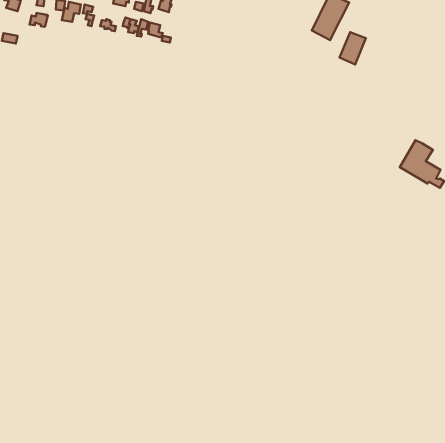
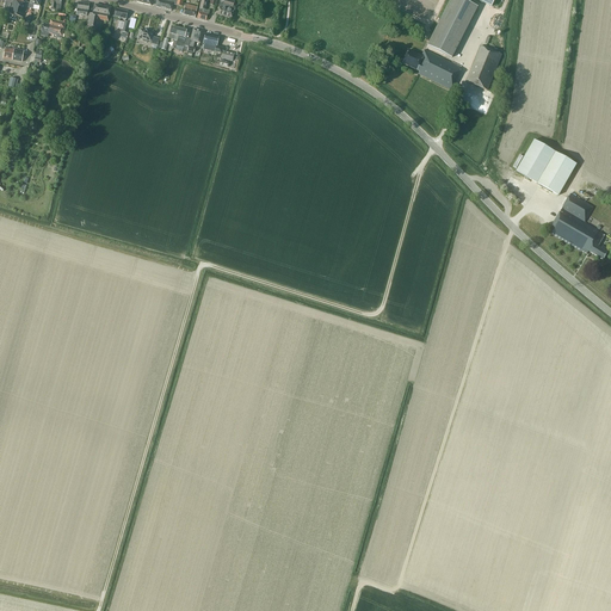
building: none -> [402,48,462,88]
building: none -> [516,138,576,193]

